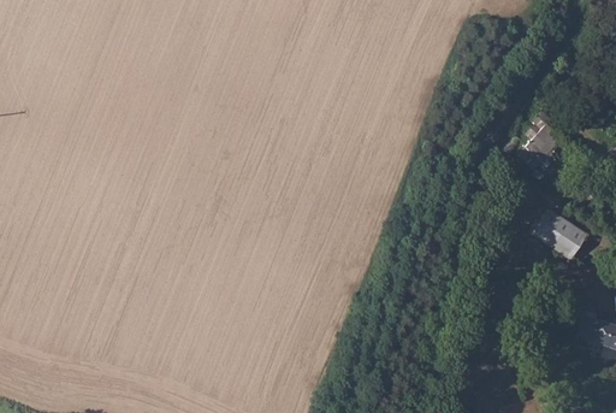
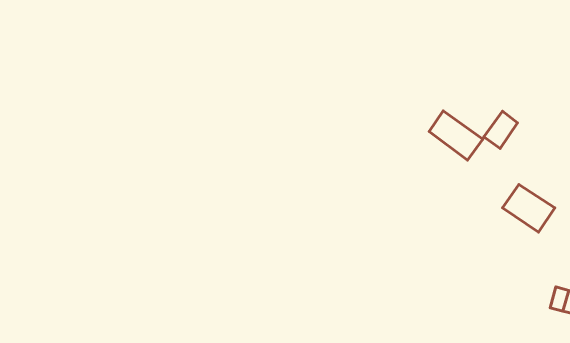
building: none -> [429,111,483,160]

